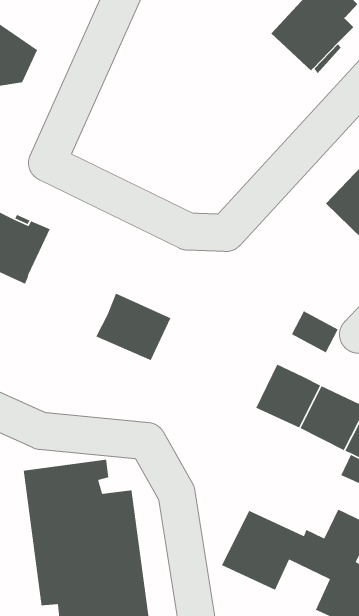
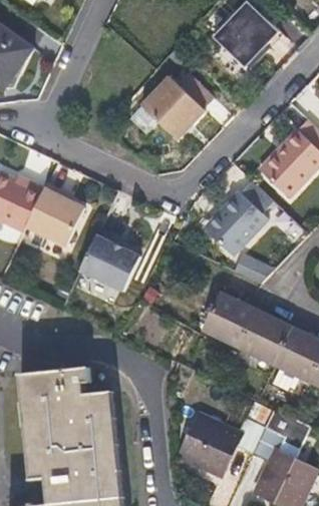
building: none -> [143,70,216,136]
building: none -> [209,179,274,254]
building: none -> [24,183,83,244]

